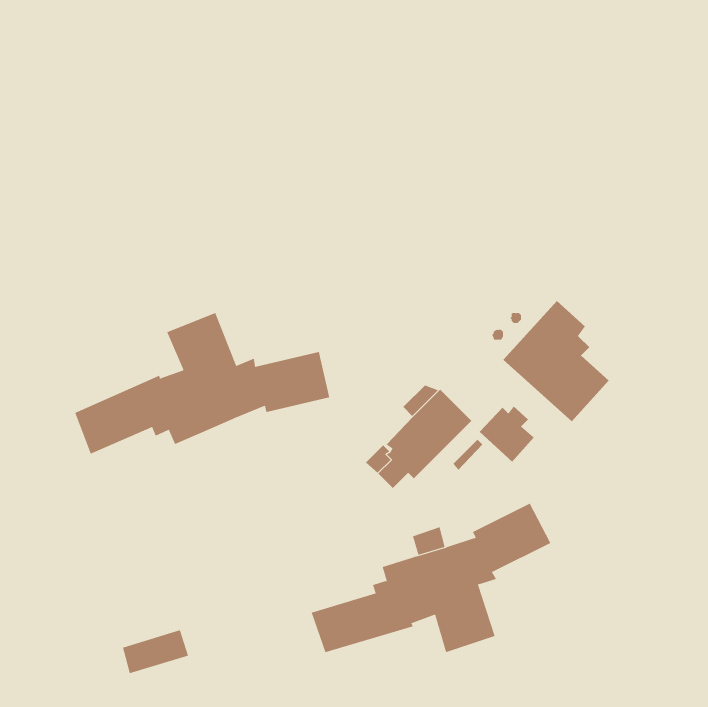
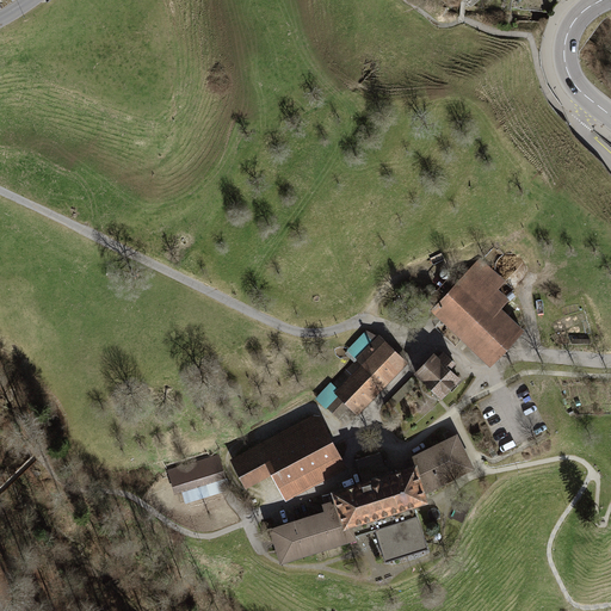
building: [75,312,330,455] -> none
building: none -> [230,416,345,500]
building: [122,629,189,674] -> [167,457,224,495]

